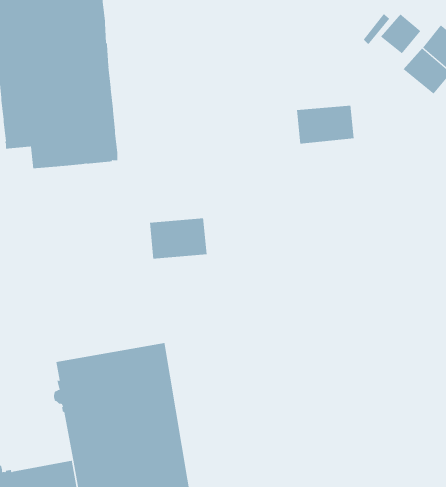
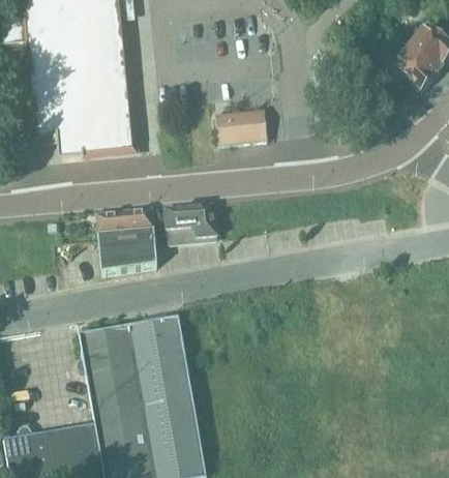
building: [380,13,421,54] -> none
building: [296,105,354,144] -> [214,109,267,144]
building: none -> [95,207,156,273]

